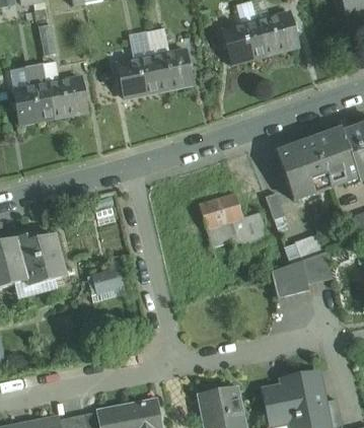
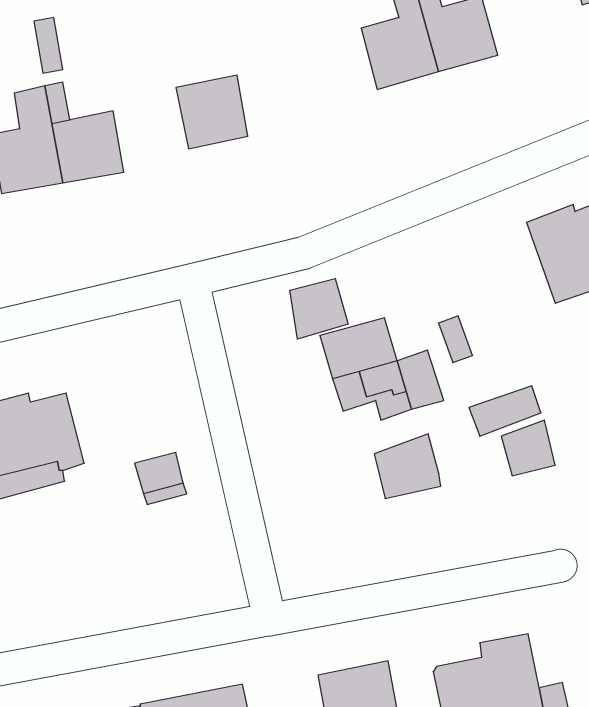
building: [147,27,194,90] -> none
building: [277,139,332,199] -> none
building: none -> [290,278,348,339]
building: [271,260,308,296] -> [374,434,441,499]

